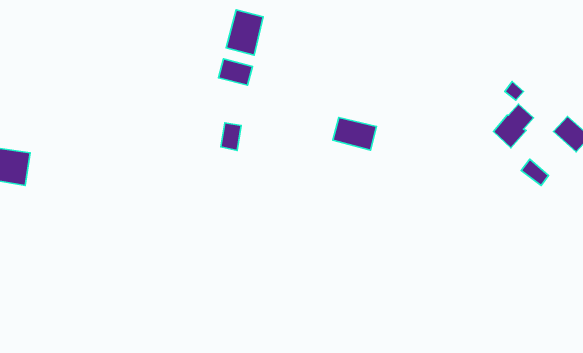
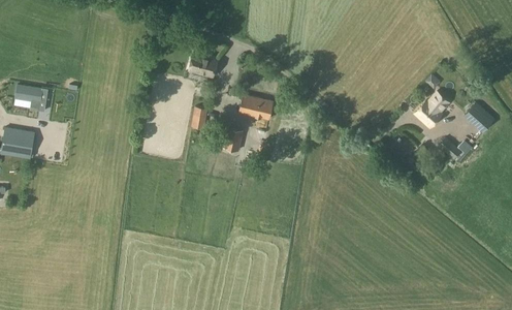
building: [226,10,263,55] -> none
building: none -> [14,84,41,109]
building: [333,118,377,150] -> [238,93,275,120]

